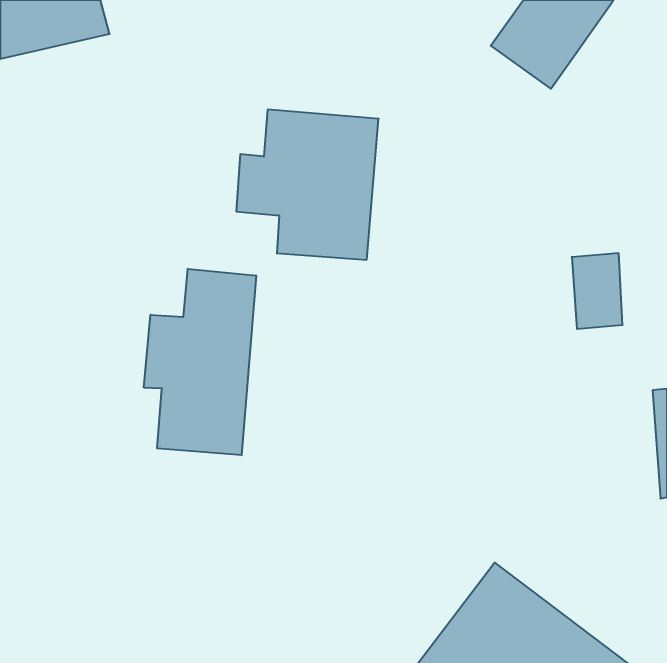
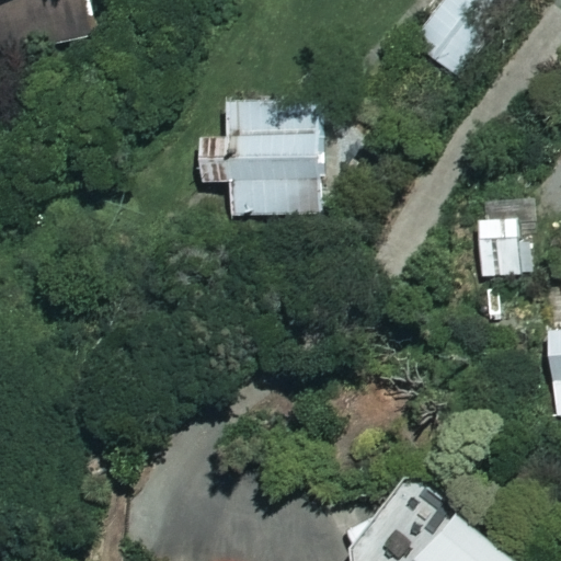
building: [144,269,256,455] -> none

